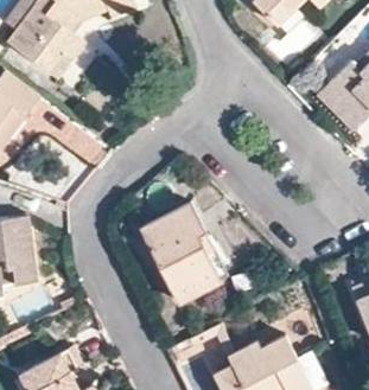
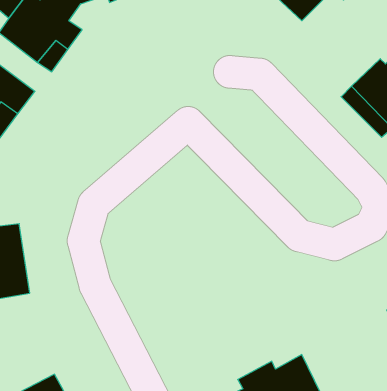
building: [139,203,217,298] -> none

